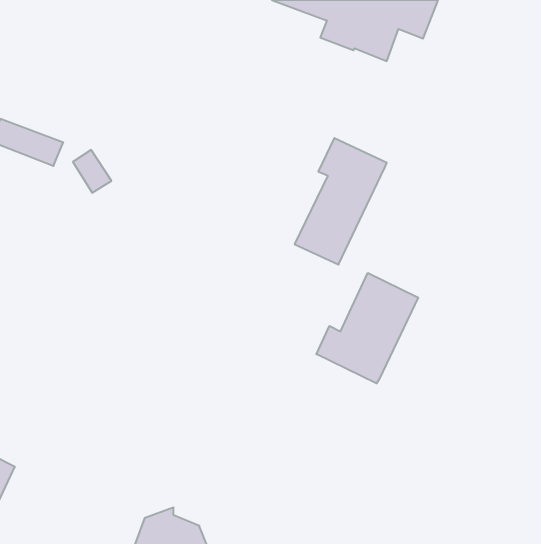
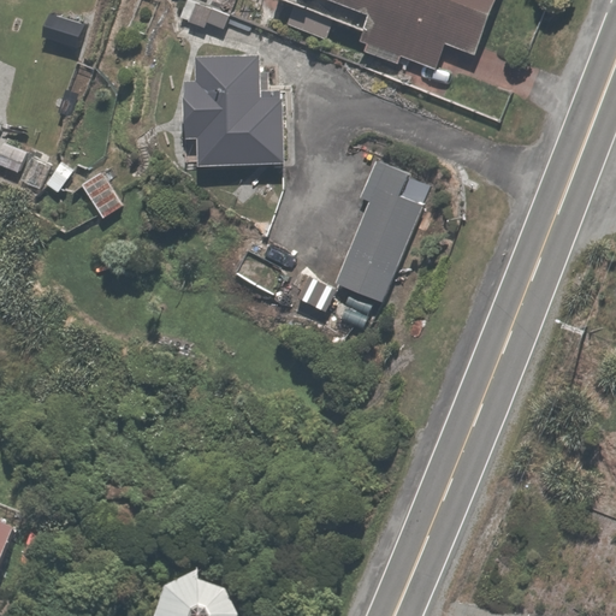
building: none -> [182,52,279,165]
building: [316,273,418,383] -> none

